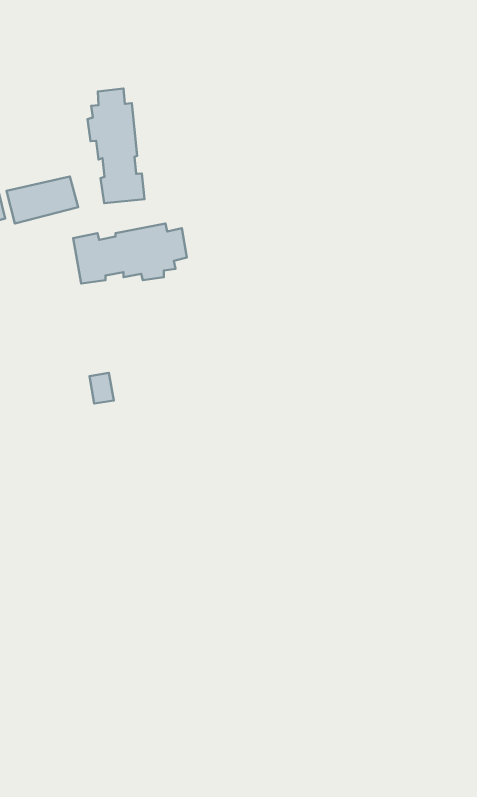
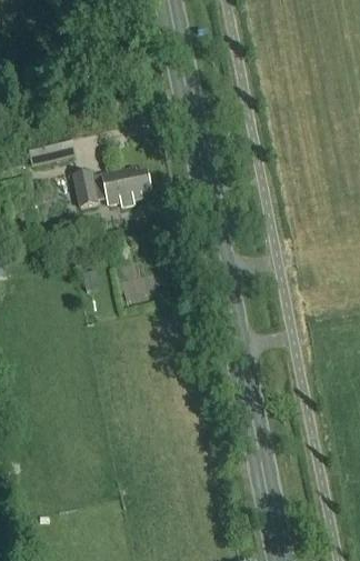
building: [88,88,144,203] -> none

